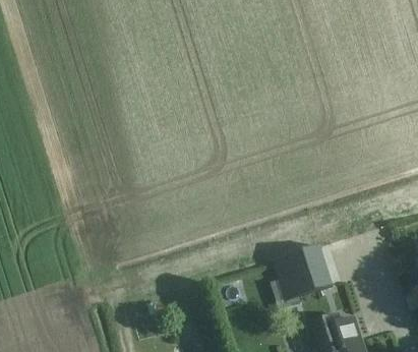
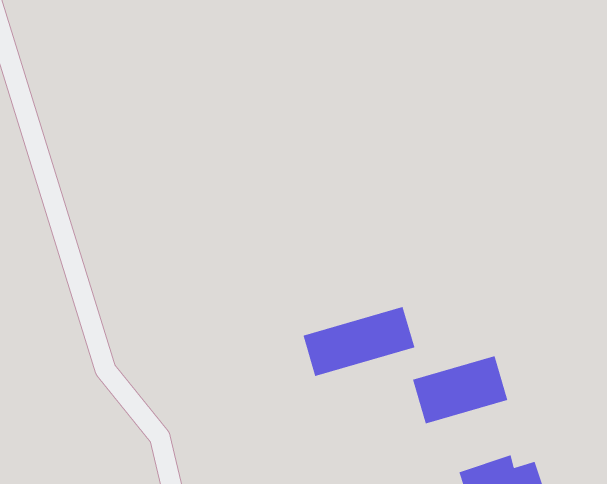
building: none -> [303,306,415,377]

